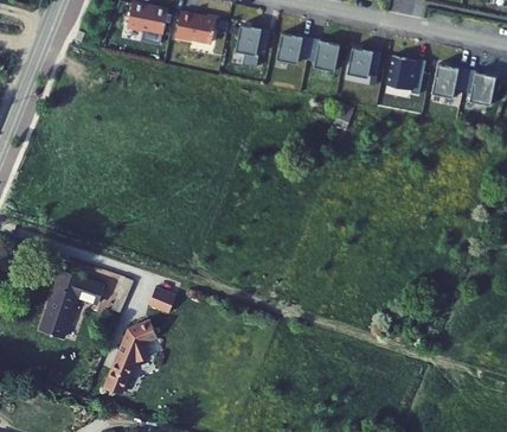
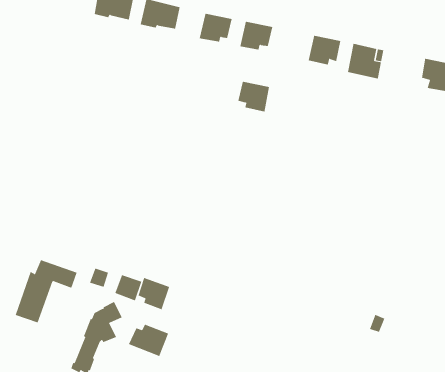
building: [306,38,339,70] -> [237,81,270,112]
building: [431,64,466,97] -> none
building: none -> [138,277,170,310]
building: none -> [128,324,169,357]

